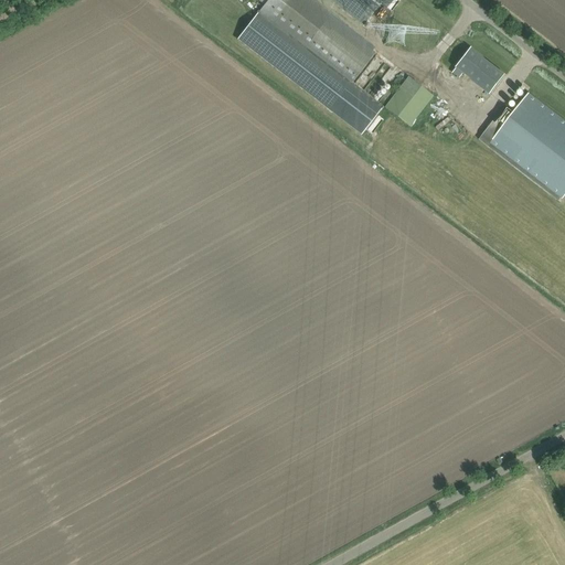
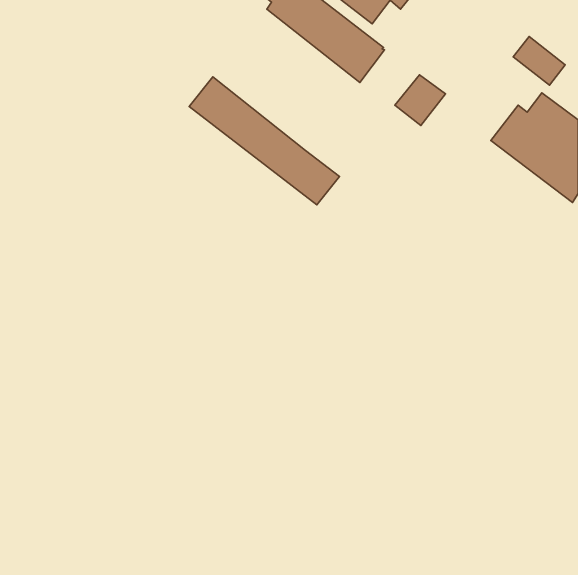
building: [237,9,384,134] -> [189,77,340,205]
building: [455,44,505,92] -> [513,36,565,85]

